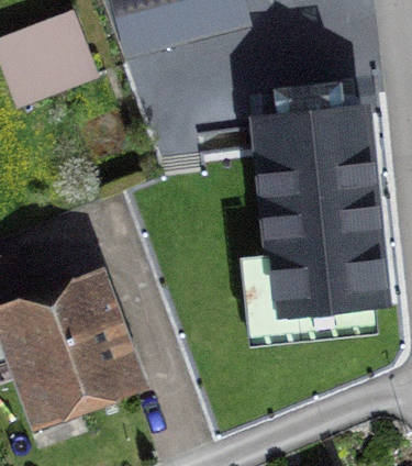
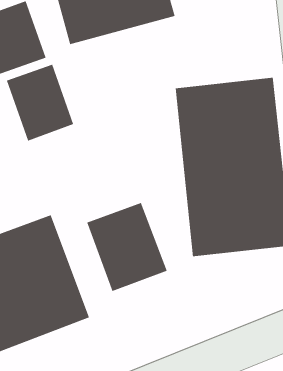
building: none -> [6,64,74,141]
building: none -> [86,202,168,292]

